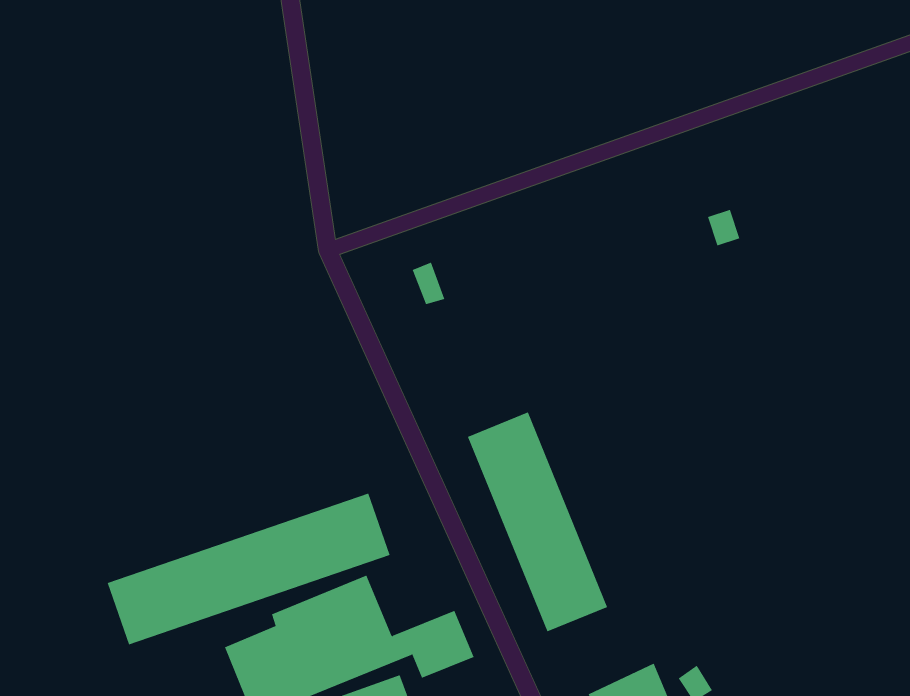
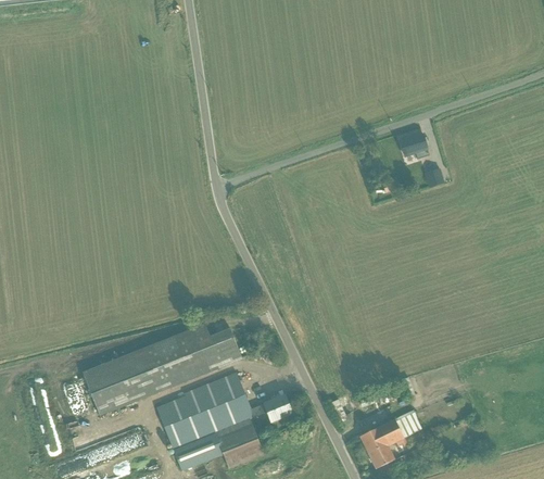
building: none -> [396,130,425,156]
building: [467,412,608,632] -> none

